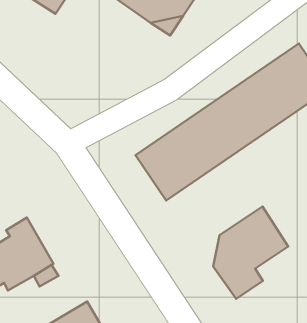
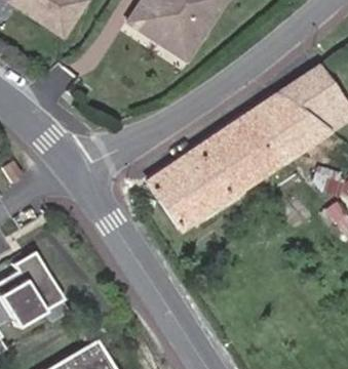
building: [213,206,288,299] -> none

